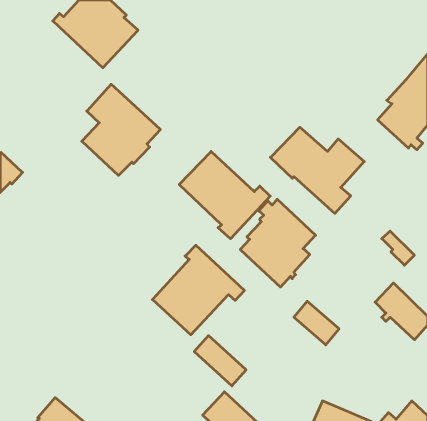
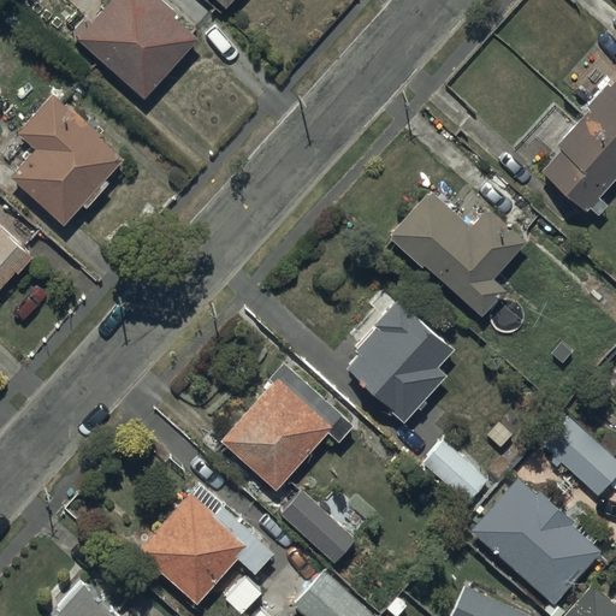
building: [82,84,160,175] -> [11,94,124,225]
building: [179,151,270,239] -> none
building: none -> [472,479,604,604]
building: none -> [137,487,273,604]

